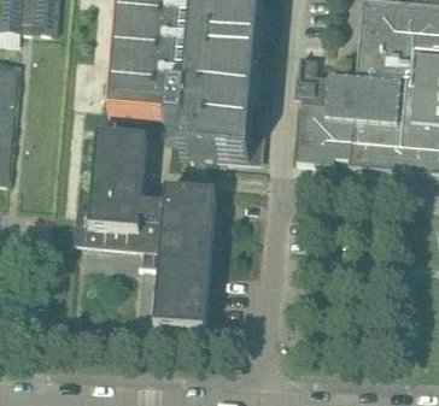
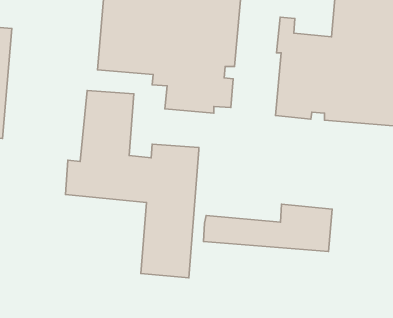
building: none -> [203,204,332,251]

